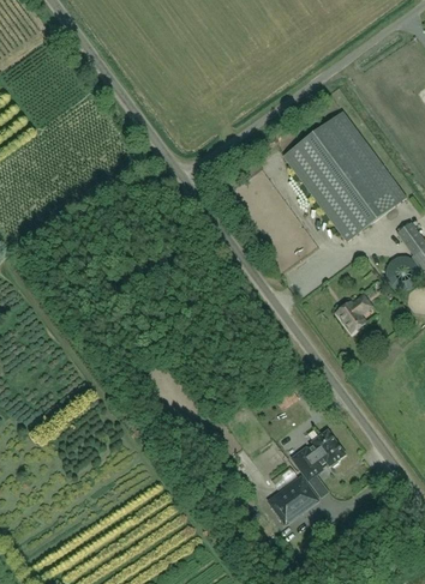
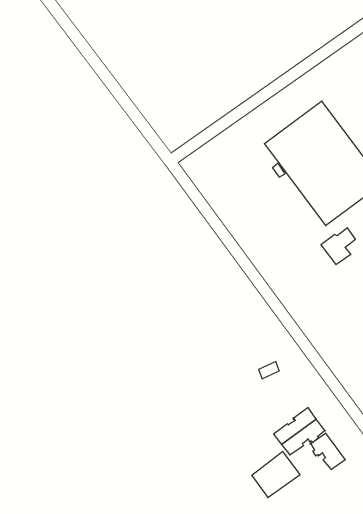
building: [335,294,371,332] -> [321,228,355,265]
building: none -> [310,433,345,470]

